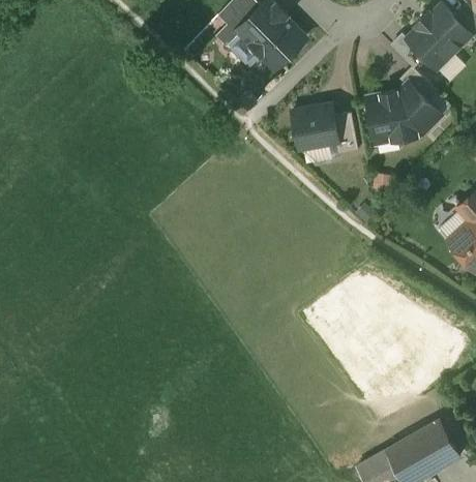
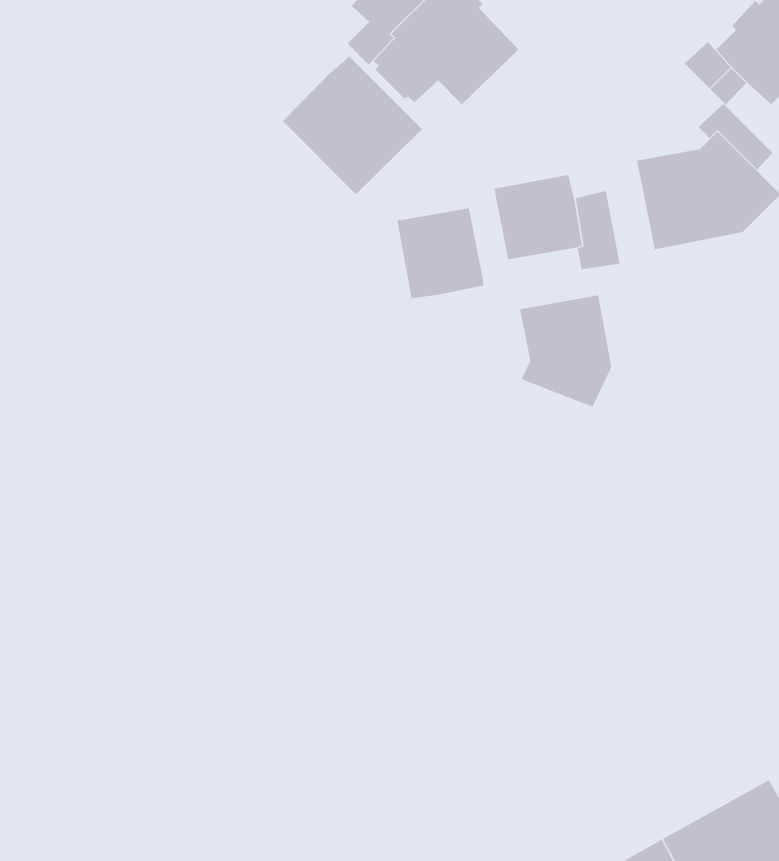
building: none -> [282,55,423,195]
building: none -> [397,207,484,299]
building: none -> [520,294,612,407]

